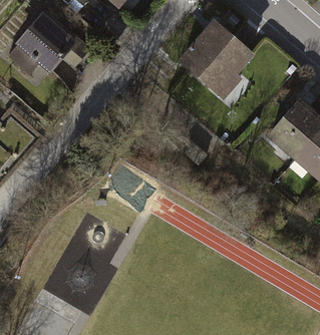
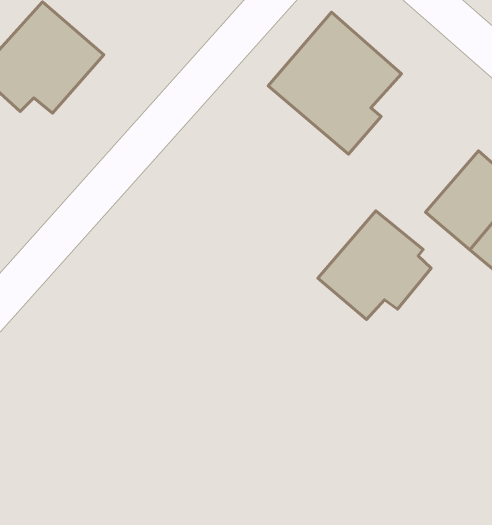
building: none -> [318,211,431,320]

